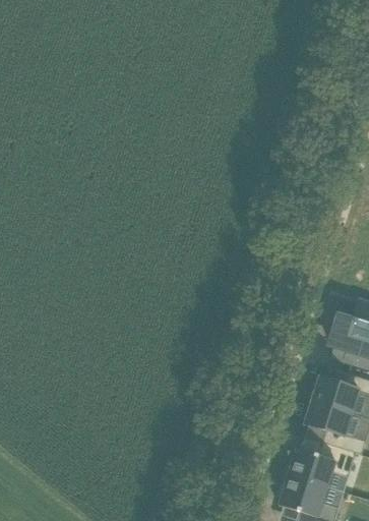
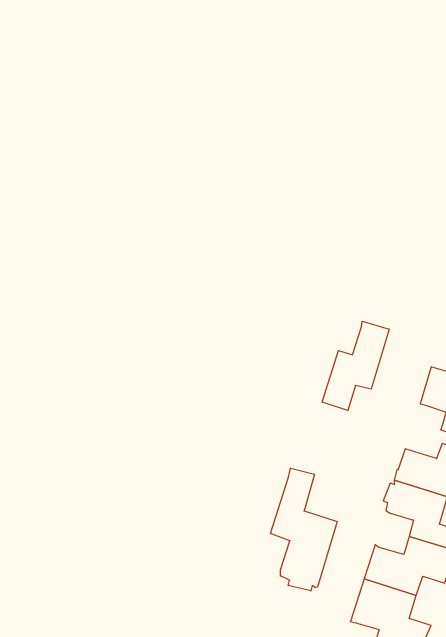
building: none -> [322,321,389,411]
building: none -> [271,468,337,591]

